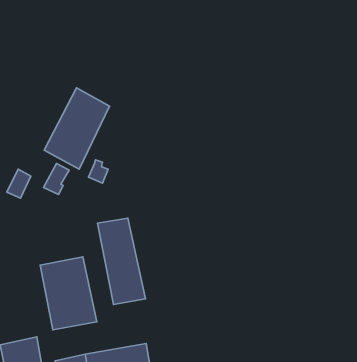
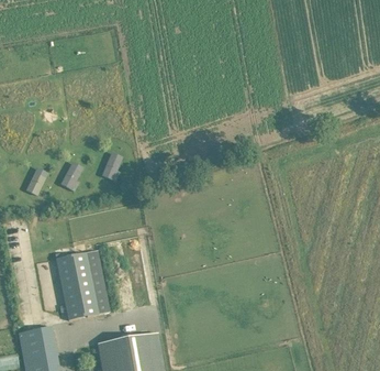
building: [44,88,109,169] -> none
building: [98,218,146,304] -> none

